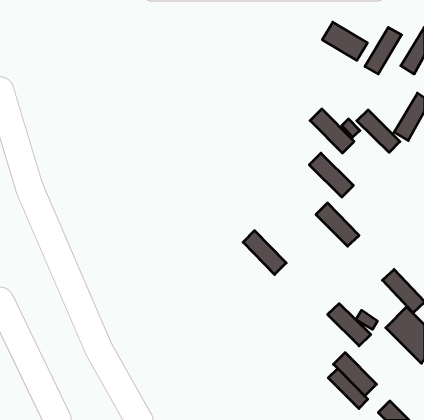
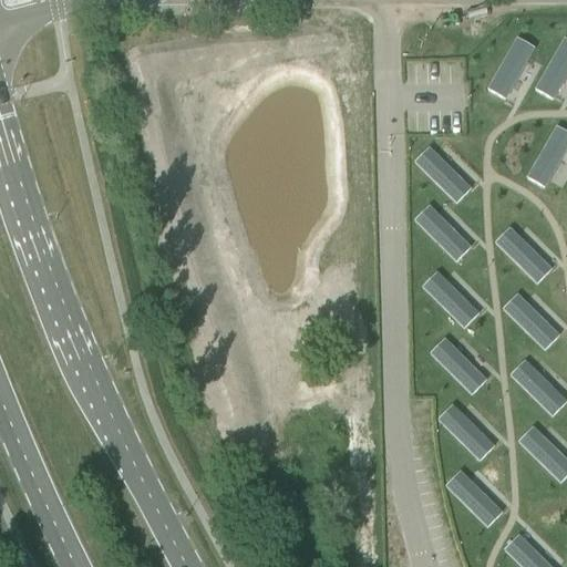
building: [322,22,367,60] -> none
building: [357,110,400,152] -> [495,227,553,284]
building: none -> [502,293,559,350]
building: [243,231,286,275] -> [430,337,487,395]
building: [328,369,368,409] -> none

